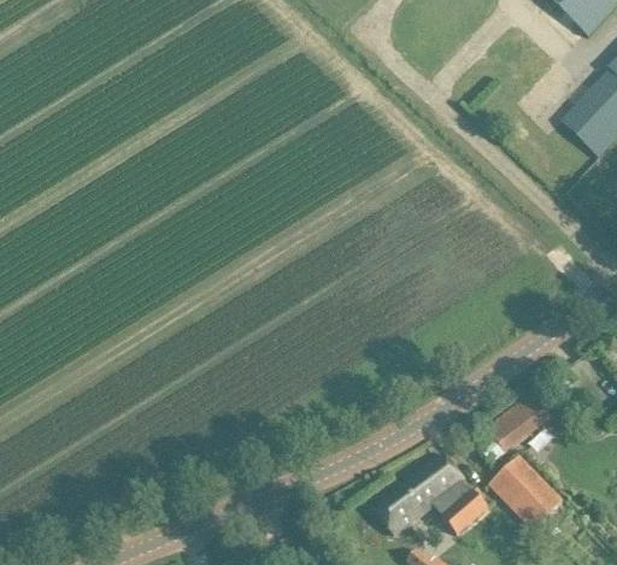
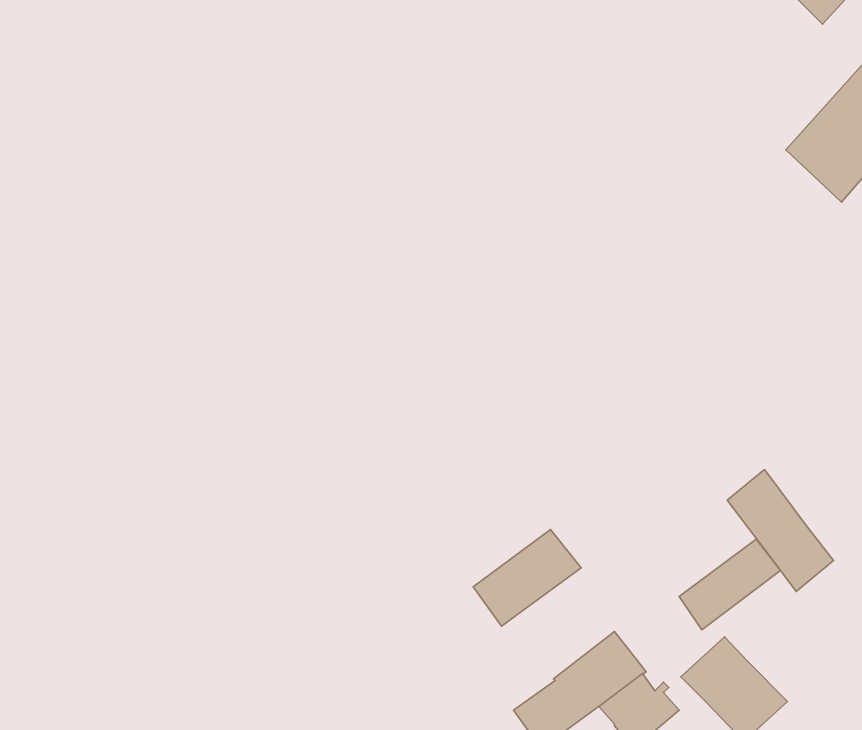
building: none -> [727,469,833,591]
building: none -> [473,529,581,626]

